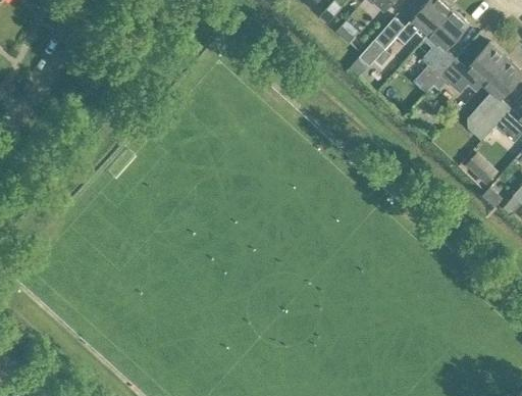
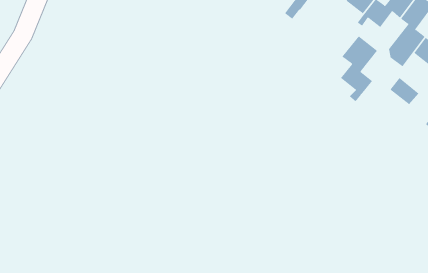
building: none -> [340,36,378,102]

